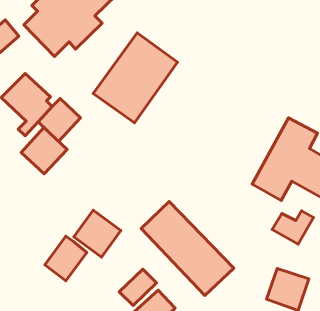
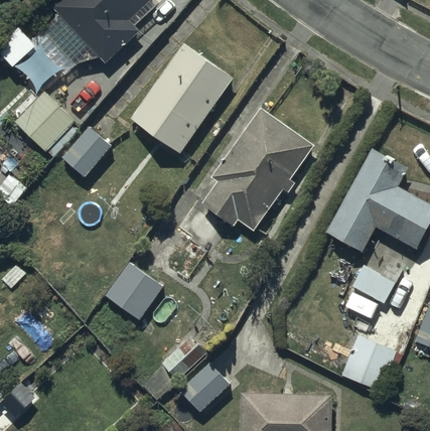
building: none -> [199,108,314,231]
building: [21,127,67,174] -> none
building: [141,201,234,295] -> none
building: [45,236,87,281] -> none

